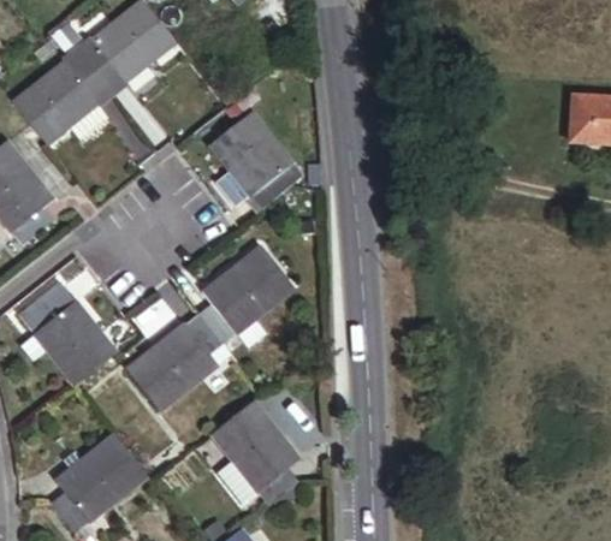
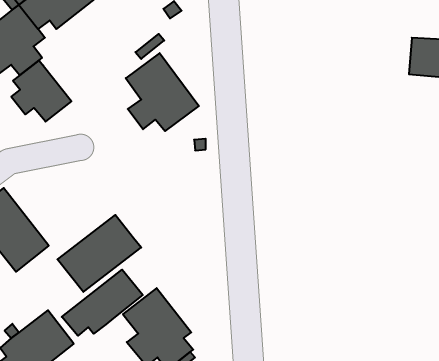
building: none -> [11,60,71,122]
building: [200,245,293,343] -> none
building: none -> [62,270,143,336]

